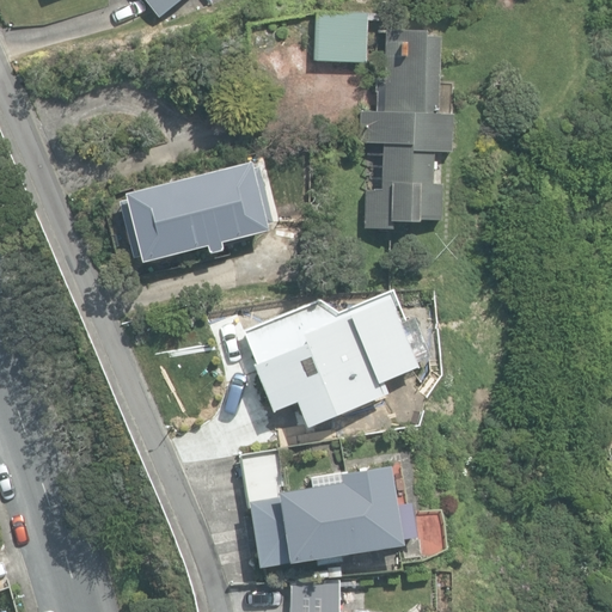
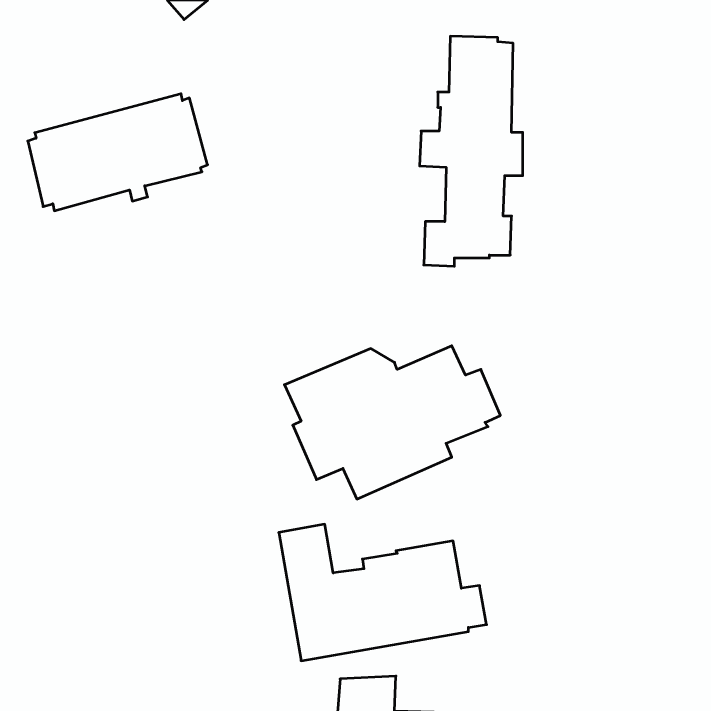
building: [317,14,367,63] -> none
building: [121,163,275,263] -> [28,94,208,211]

